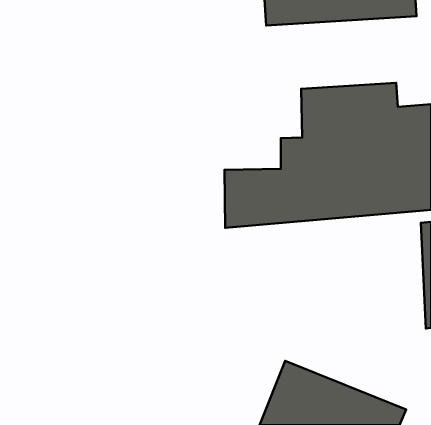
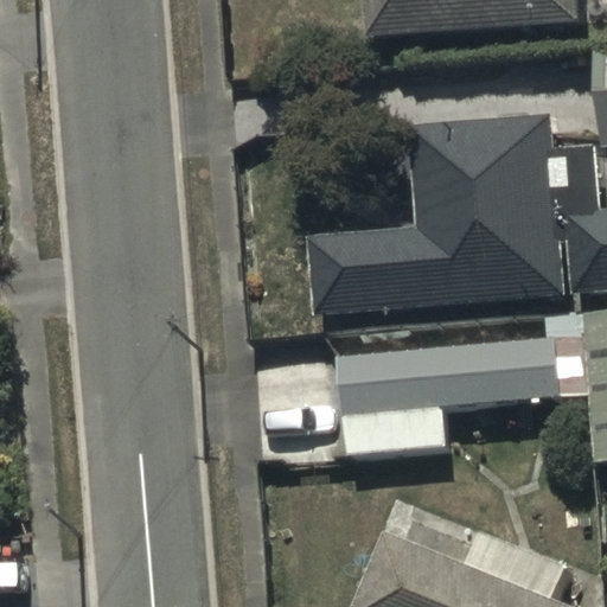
building: none -> [341,305,584,453]

